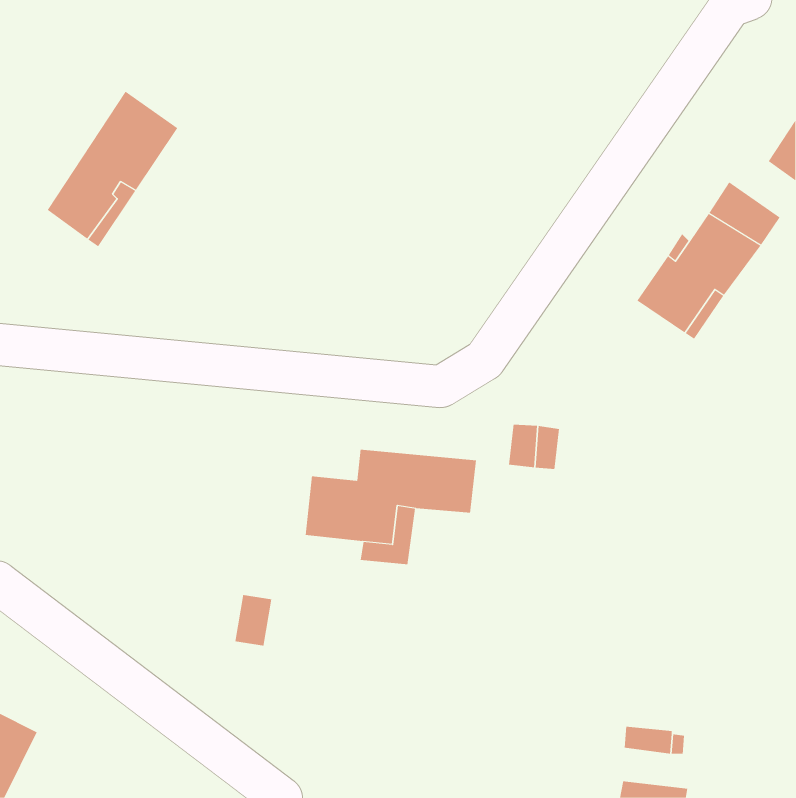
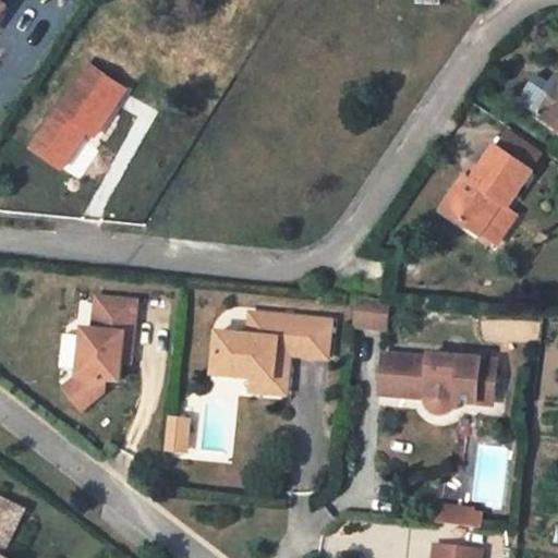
building: none -> [61,298,135,409]
building: none -> [378,353,496,416]

